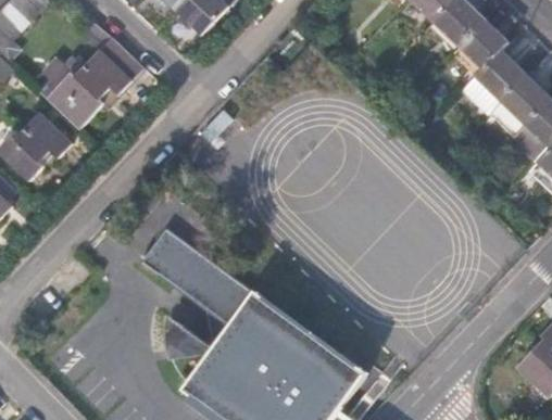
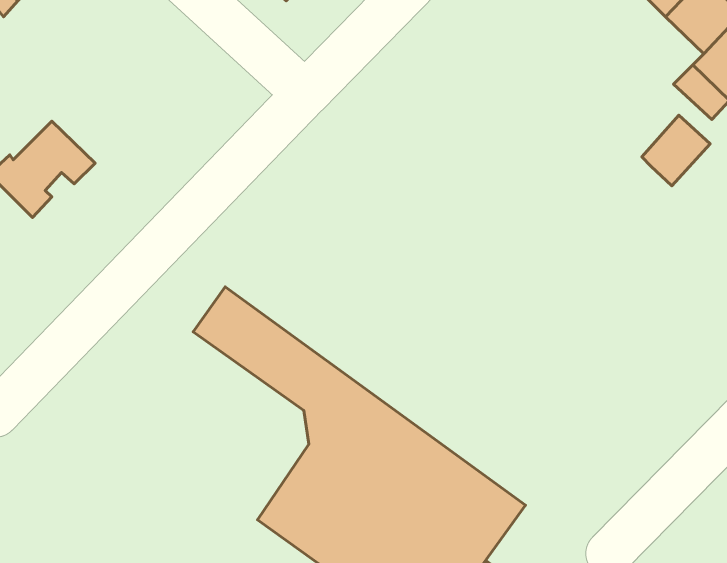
building: [39,40,138,127] -> none
building: none -> [642,115,710,186]

